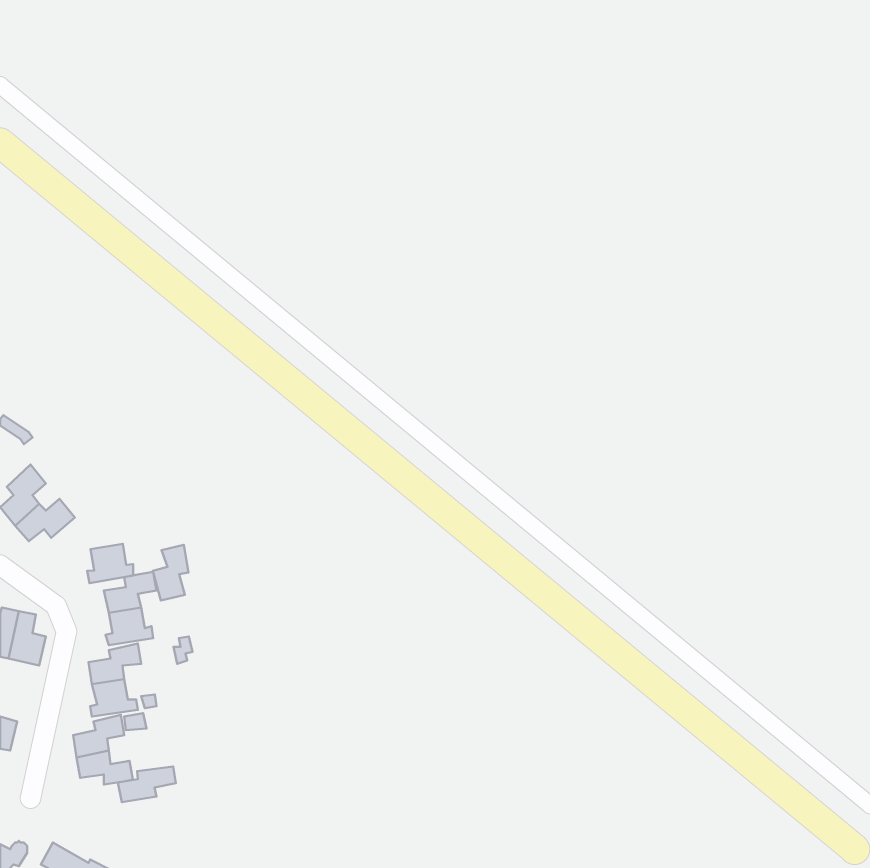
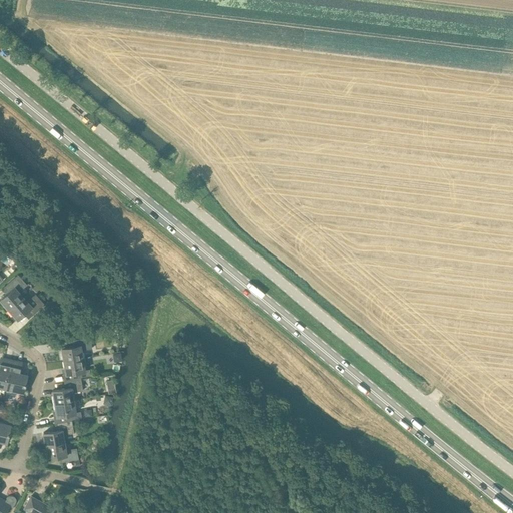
building: [87,544,133,583] -> none
building: [153,545,189,601] -> none
building: [118,766,176,802] -> none

